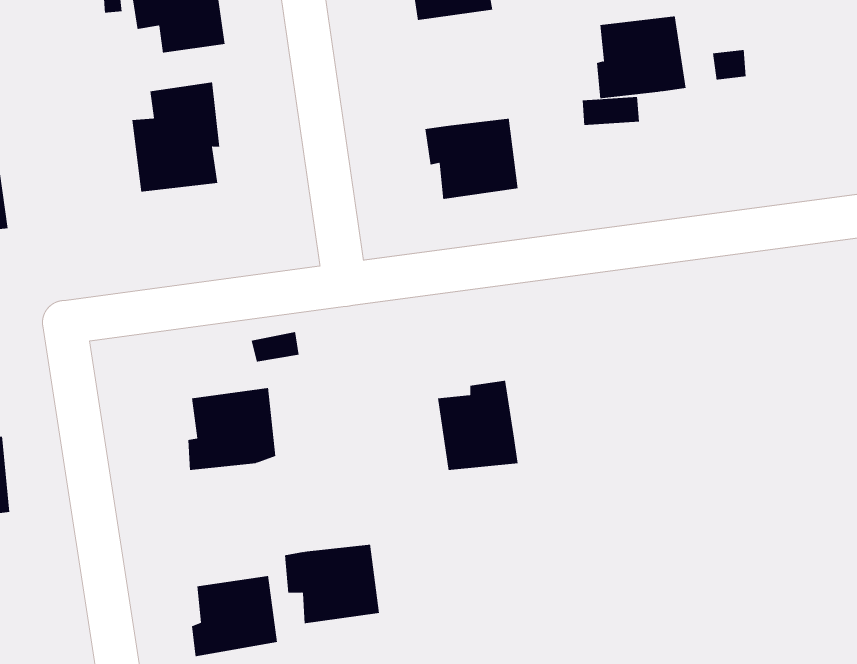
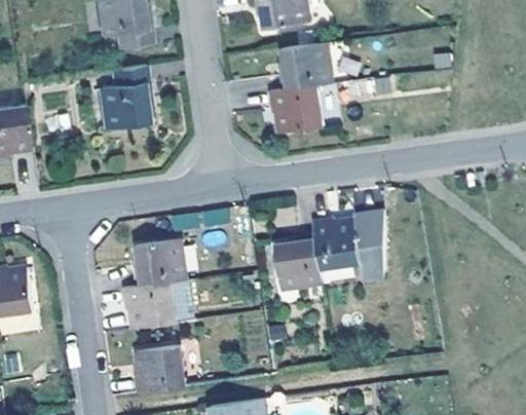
building: [596,16,686,99] -> [278,44,330,91]
building: none -> [311,214,381,279]
building: [284,544,380,624] -> [122,284,177,329]

